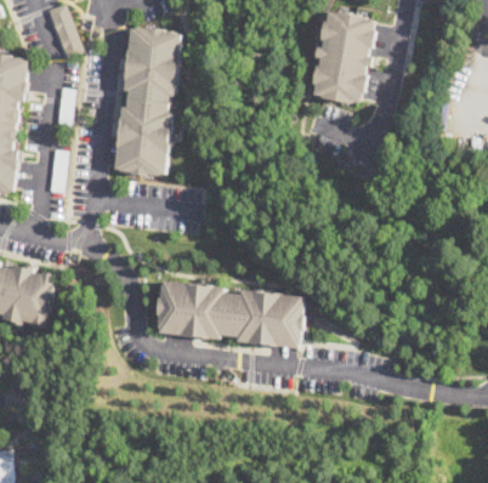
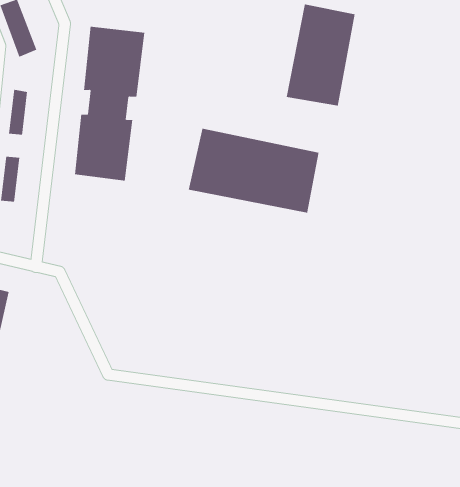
building: none -> [188,128,319,214]
building: [155,280,305,350] -> none

